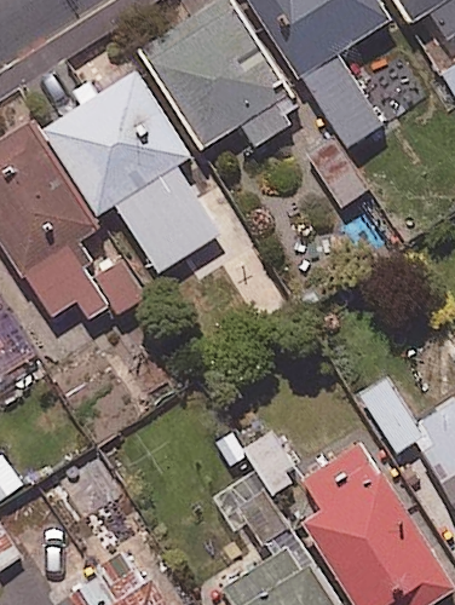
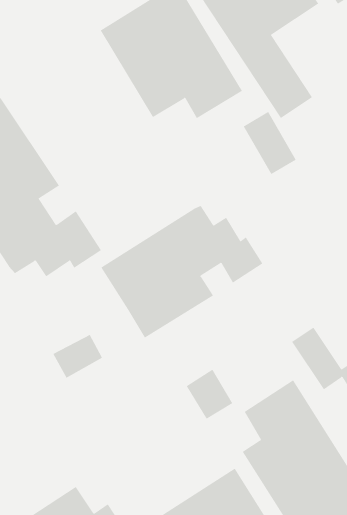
building: [45,70,219,272] -> none
building: none -> [101,205,263,338]

